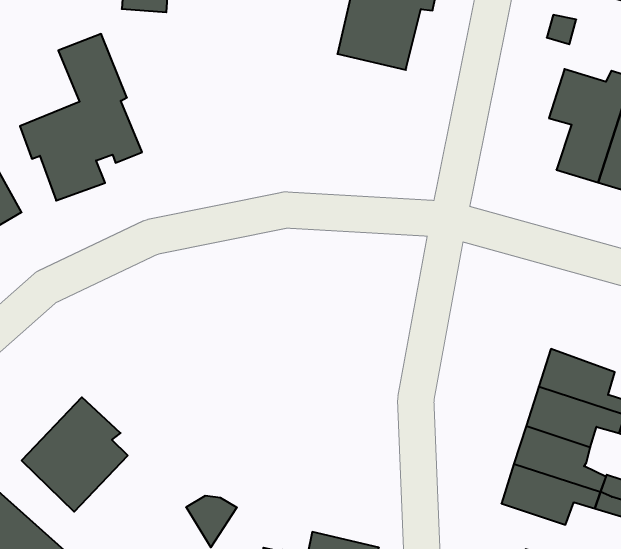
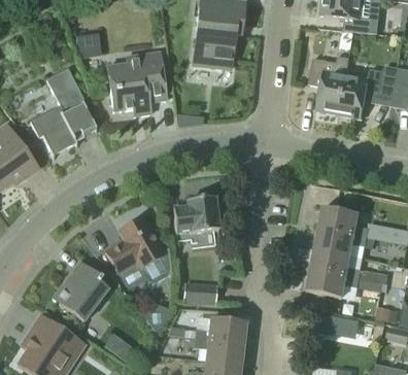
building: none -> [108,52,166,115]
building: none -> [173,194,219,246]
building: none -> [106,217,173,282]
building: none -> [184,283,216,304]

